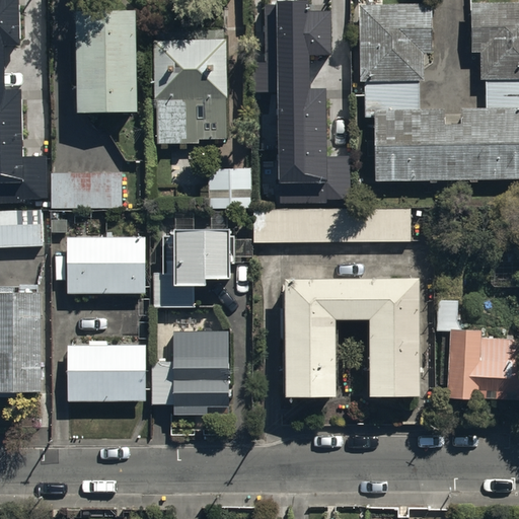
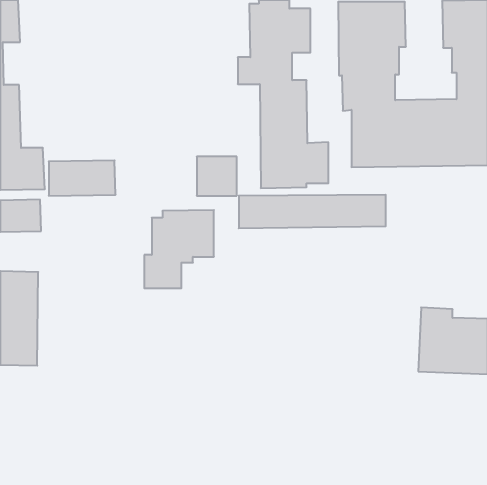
building: [76,10,137,113] -> none
building: [154,39,227,144] -> none
building: [68,239,145,294] -> none
building: [285,277,419,394] -> none
building: [152,330,230,416] -> none
building: [68,345,146,401] -> none

